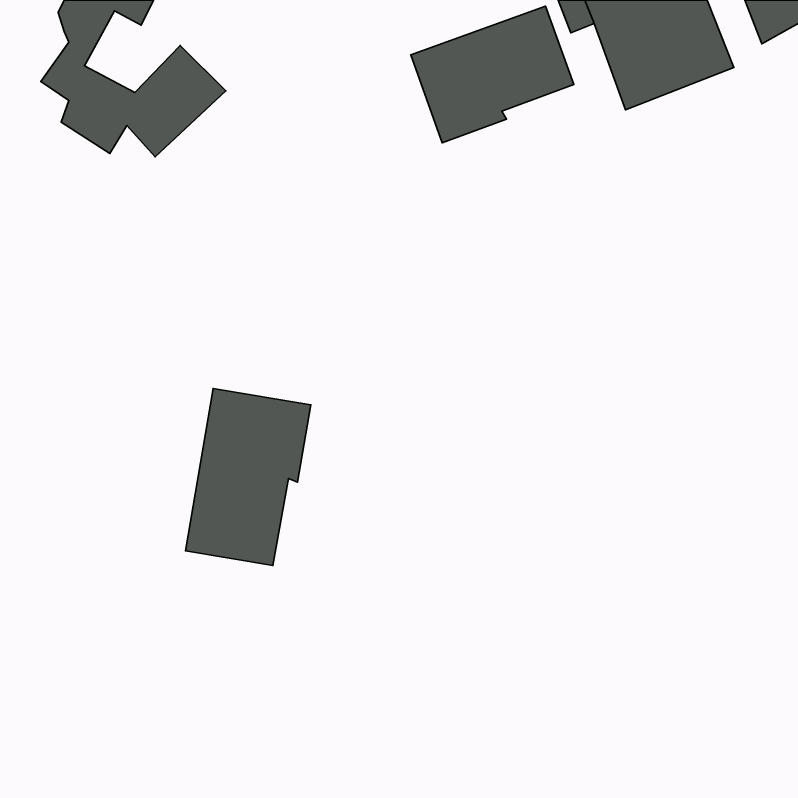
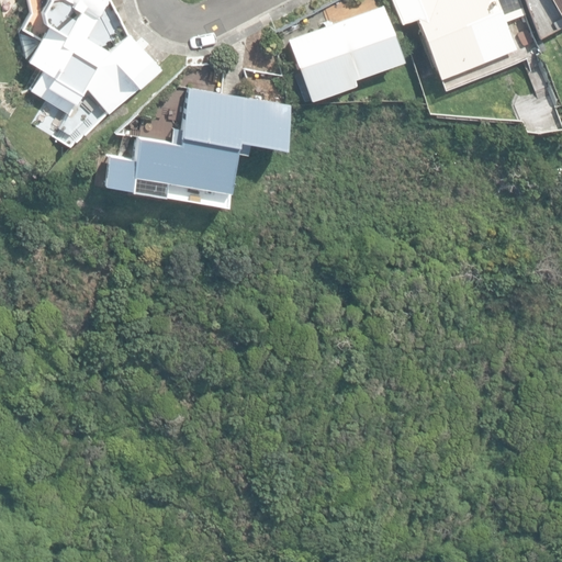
building: none -> [105,81,291,206]
building: [186,388,311,566] -> none

